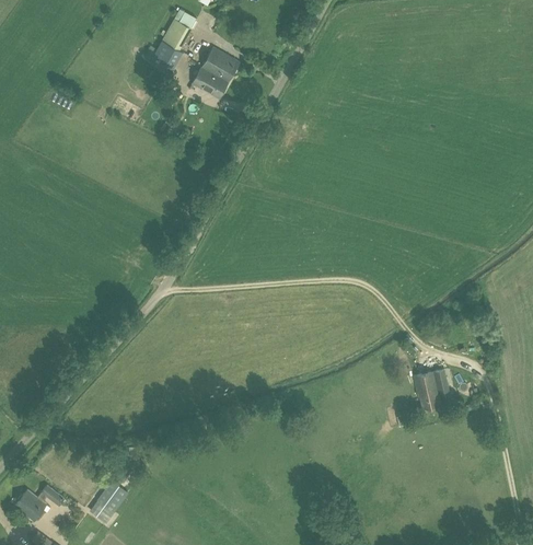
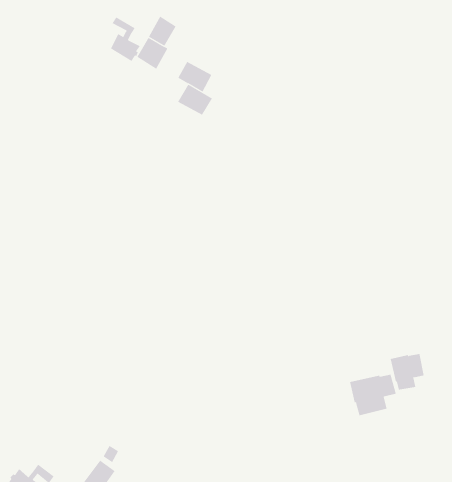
building: none -> [110,17,141,62]
building: [201,47,239,80] -> [177,84,213,115]
building: none -> [350,374,396,416]

